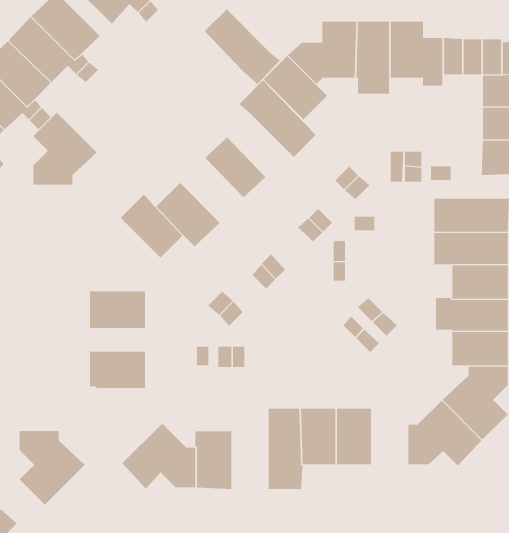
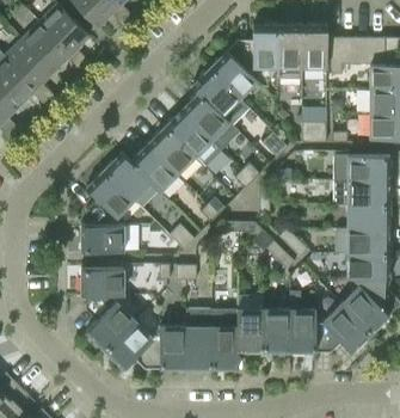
building: [204,9,280,85] -> [183,93,239,149]
building: [32,112,97,185] -> [86,170,134,223]
building: none -> [148,125,195,173]
building: none -> [289,290,315,351]
building: none -> [185,308,213,369]
building: [19,431,85,505] -> [86,295,135,350]

